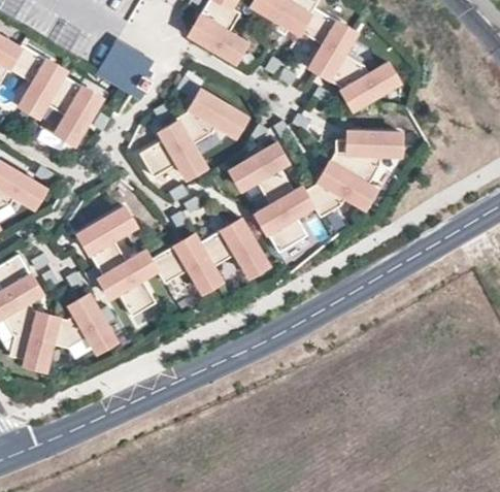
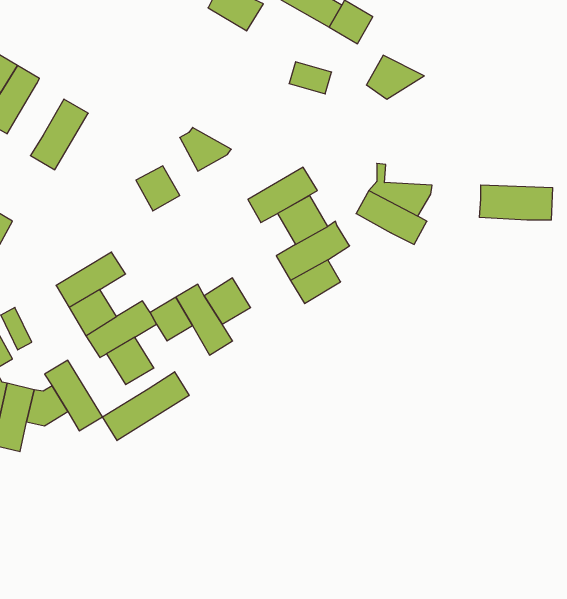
building: [189,14,244,60] -> none
building: [307,22,352,76] -> none
building: [97,39,156,96] -> none
building: [343,61,398,106] -> none
building: [46,75,85,117] -> none
building: [188,92,244,137] -> none
building: [158,119,203,175] -> none
building: [341,129,400,157] -> [479,185,553,220]
building: [303,179,346,218] -> none
building: [220,220,266,276] -> none
building: none -> [102,372,189,441]

